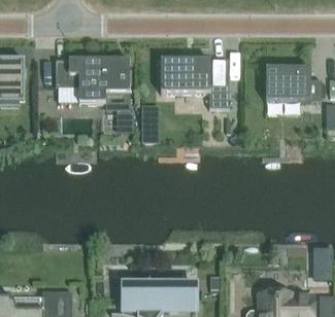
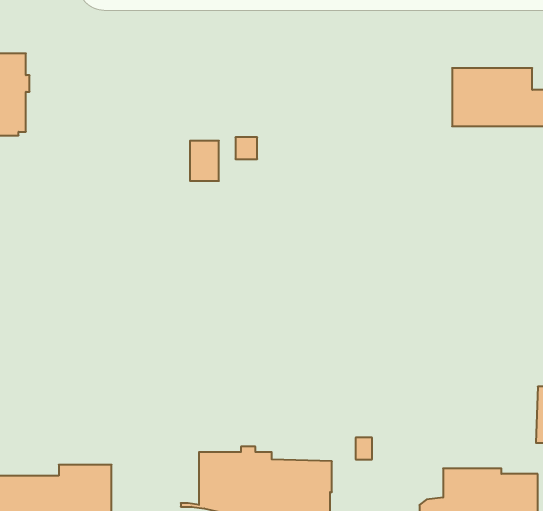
building: [160,58,228,107] -> none
building: [55,60,129,103] -> none

